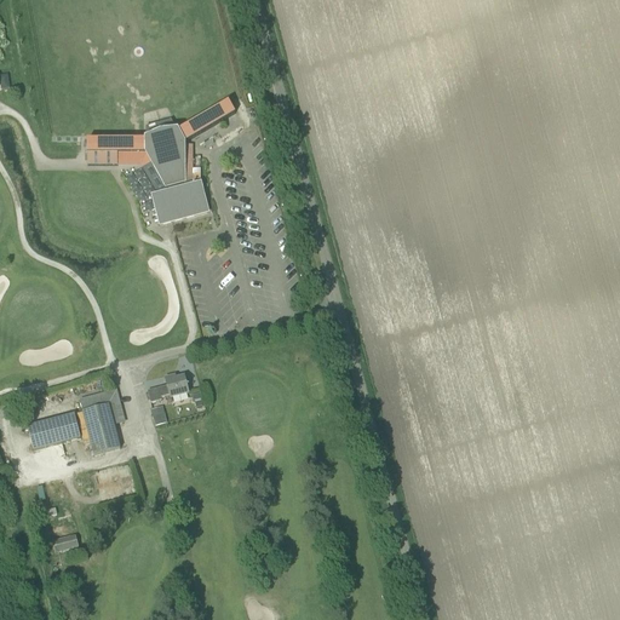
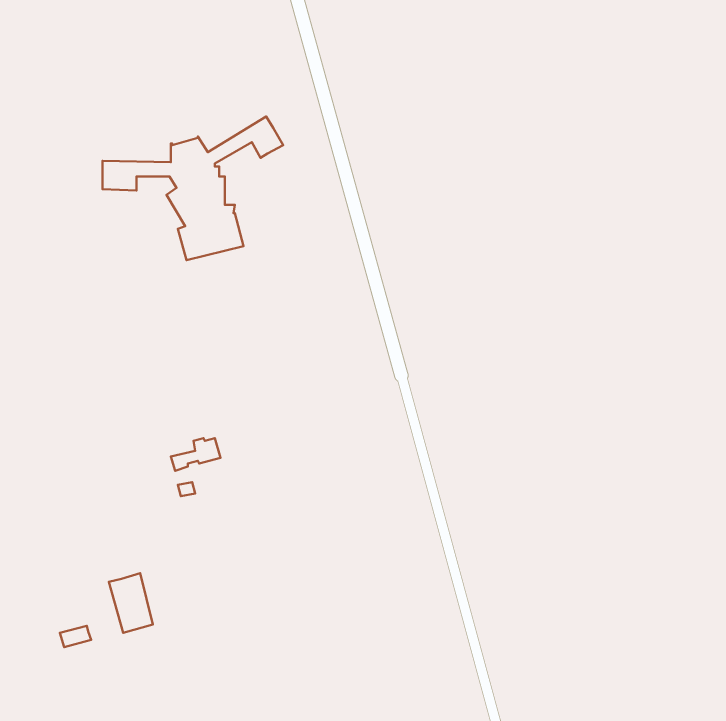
building: [81,402,119,453] -> [109,573,153,633]
building: [27,412,80,447] -> none

